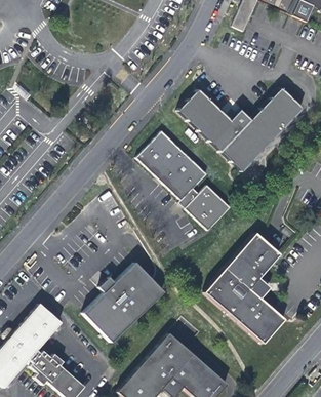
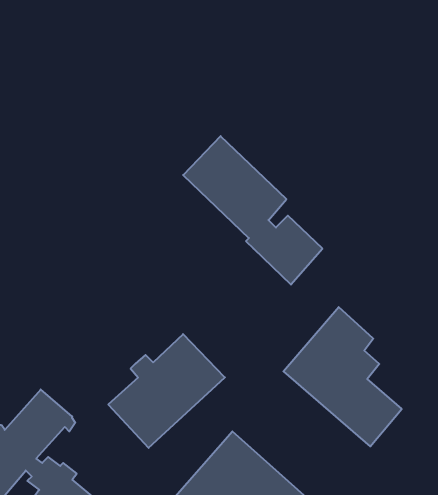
building: [177,86,303,168] -> none
building: [243,231,281,268] -> none

